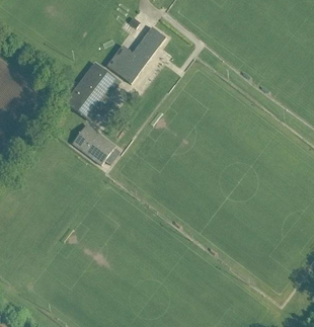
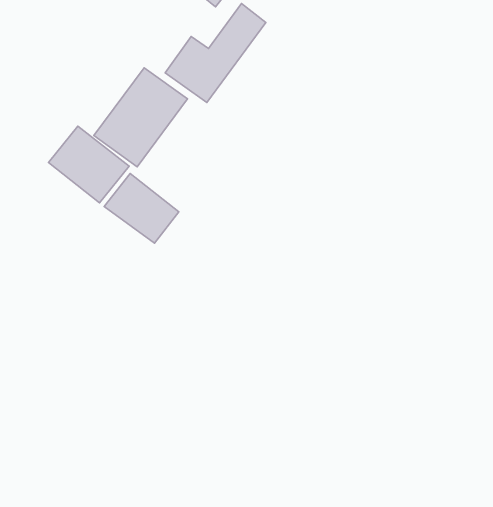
building: none -> [48,126,129,203]

